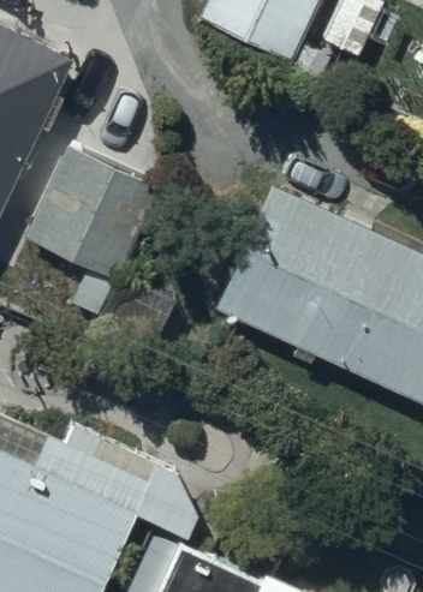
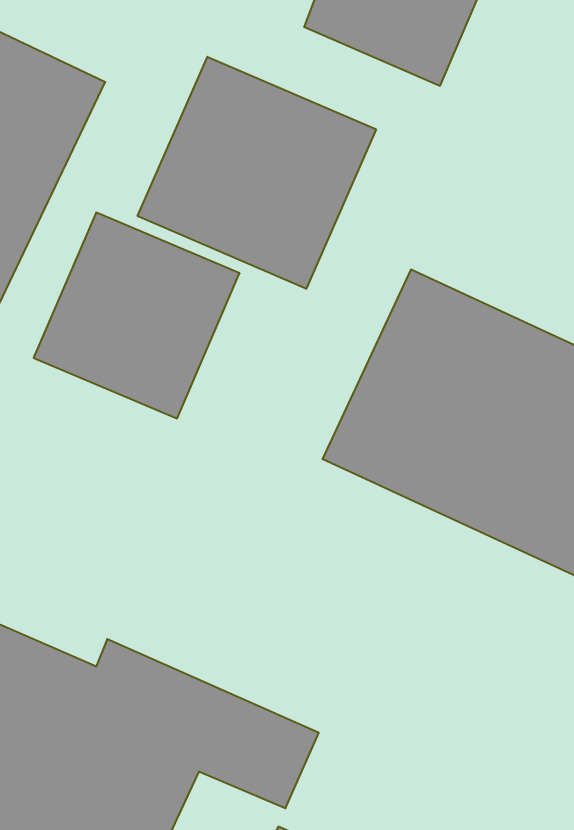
building: none -> [138,57,376,289]

